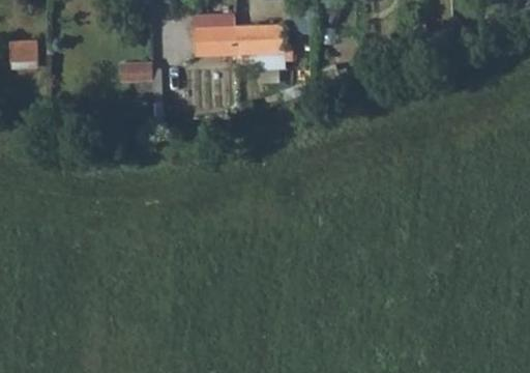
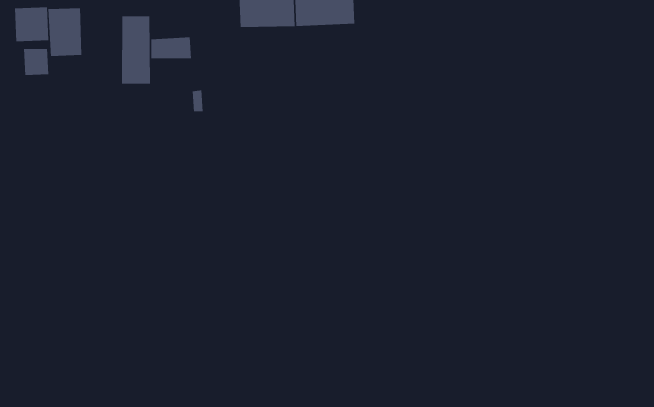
building: none -> [48,7,82,57]
building: none -> [122,15,151,84]

